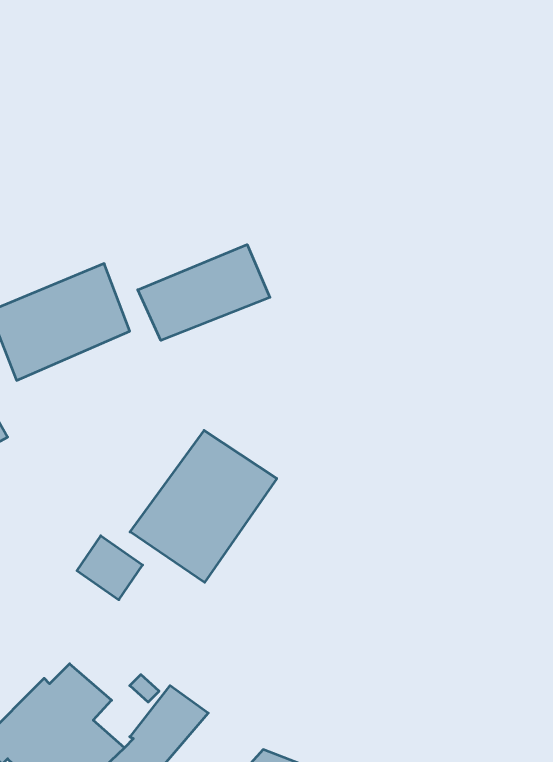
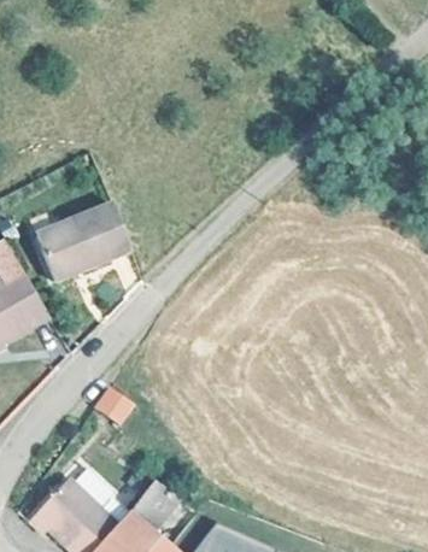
building: [138,245,270,340] -> none
building: [130,430,277,582] -> none

